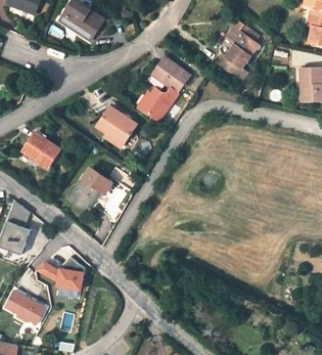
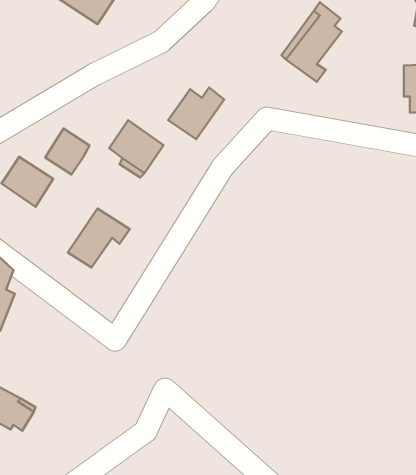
building: [152,58,189,93] -> none
building: none -> [45,128,90,175]
building: [38,256,85,289] -> none

